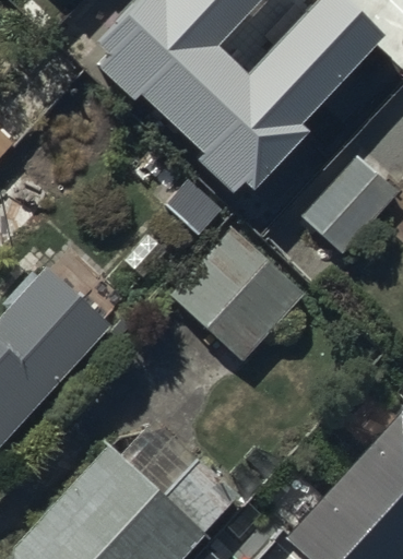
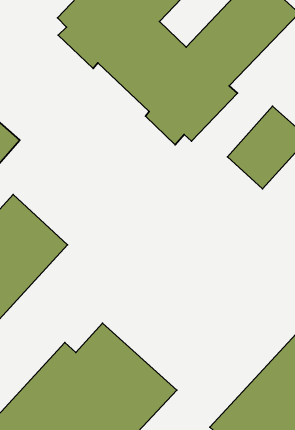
building: [169,227,307,364] -> none

